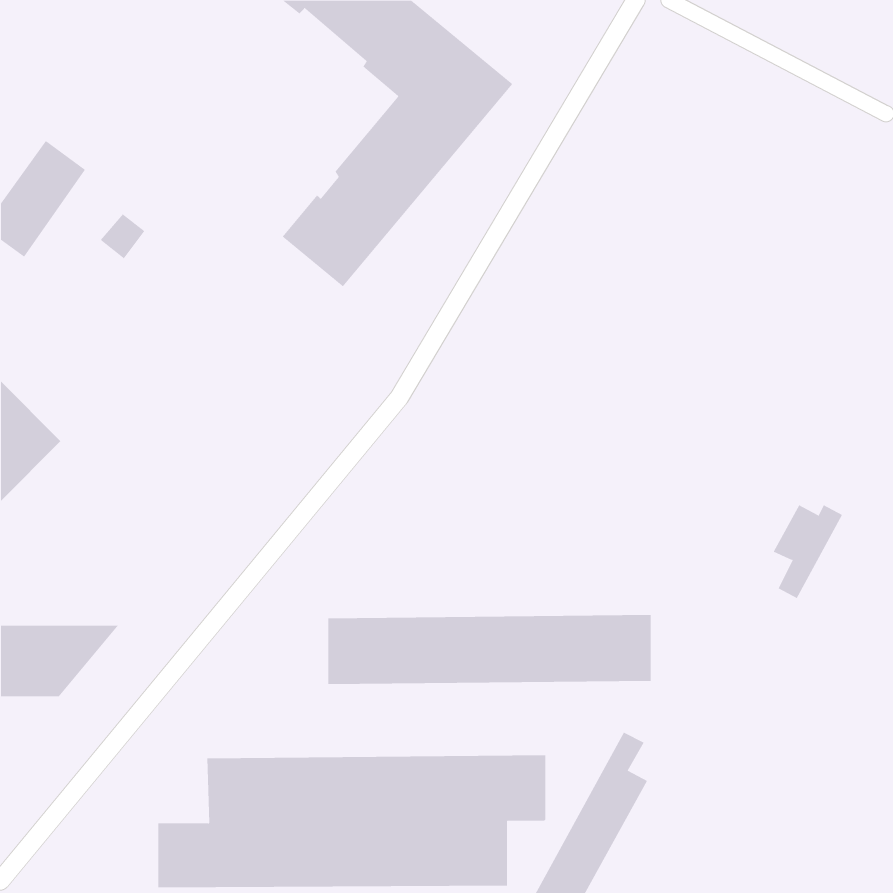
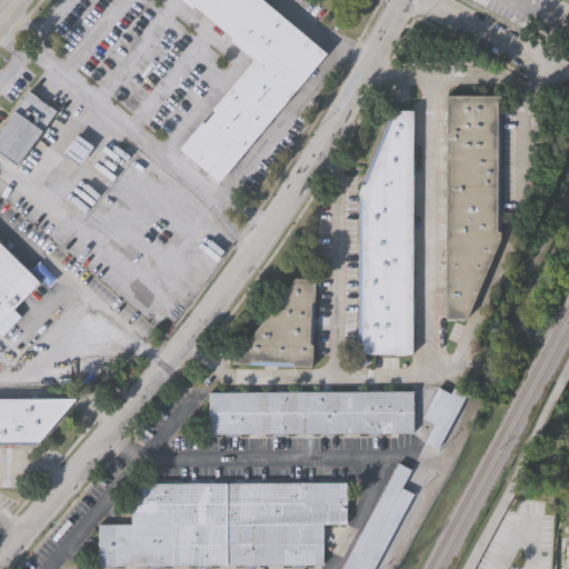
building: none -> [446,96,501,321]
building: none -> [357,111,413,357]
building: none -> [234,276,318,365]
building: [773,504,843,599] -> [421,389,466,449]

